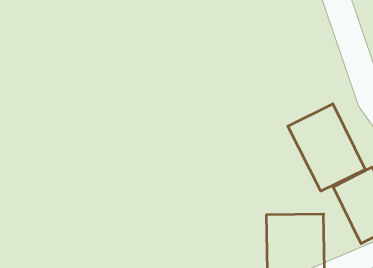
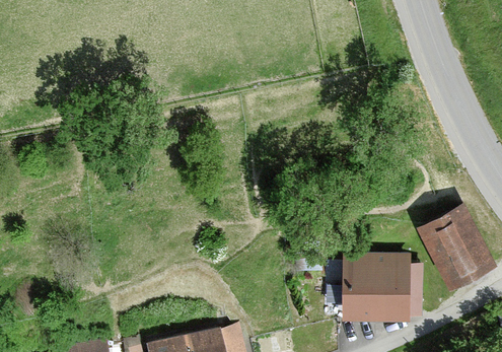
building: [288,104,365,191] -> none

